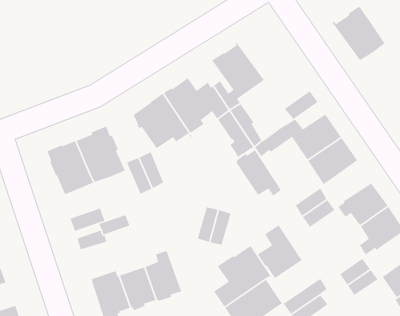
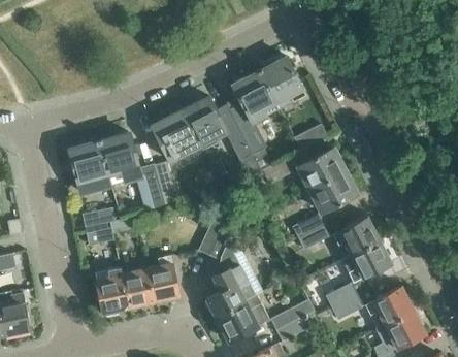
building: [332,6,385,61] -> [257,58,304,109]
building: [236,149,282,197] -> none
building: [257,224,303,279] -> none

